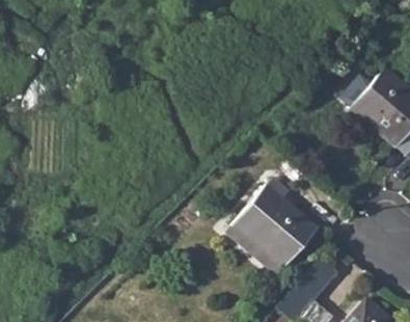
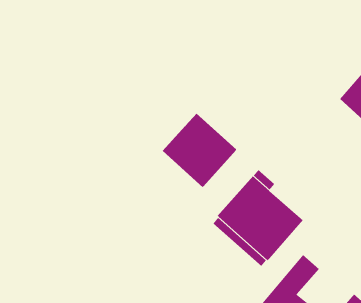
building: none -> [162,113,237,188]

